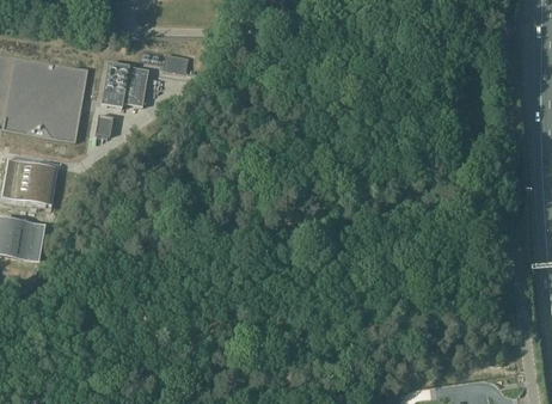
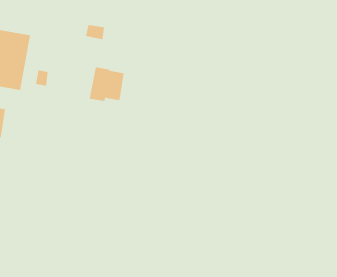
building: [100,61,148,108] -> [89,67,124,102]

